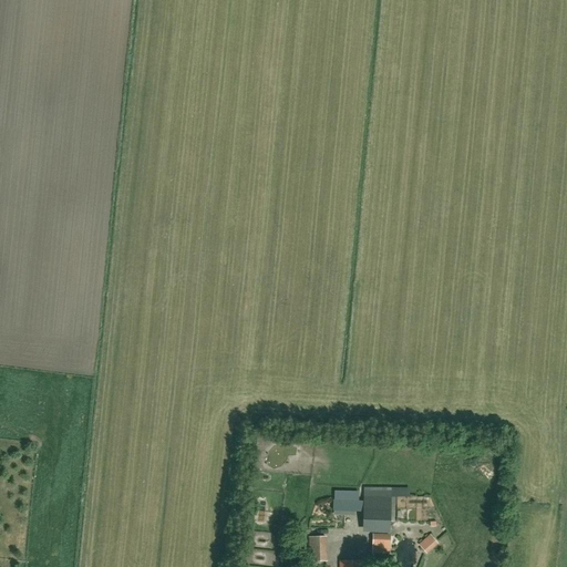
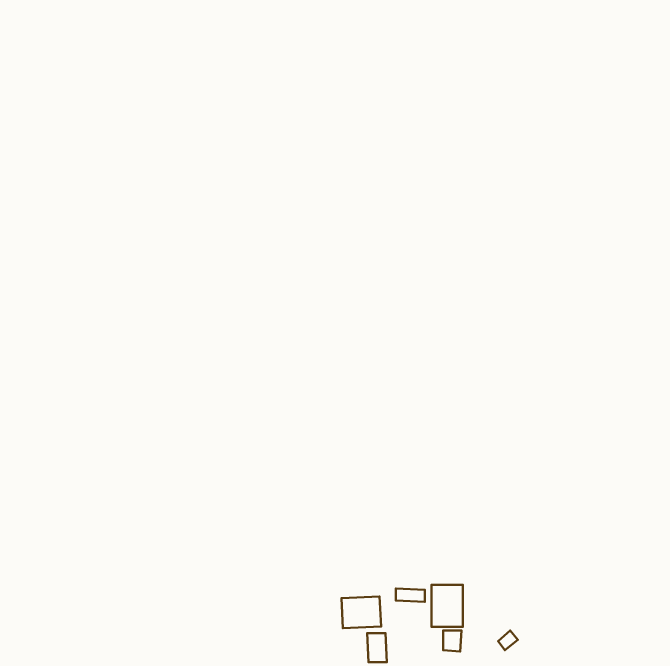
building: none -> [342,596,381,628]

